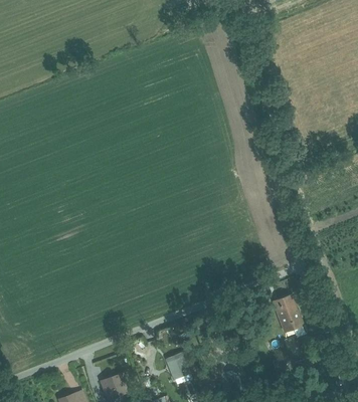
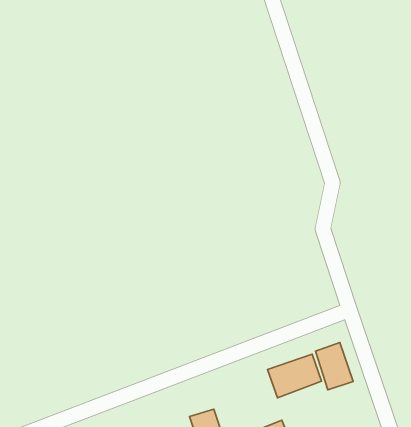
building: none -> [267,354,321,398]

